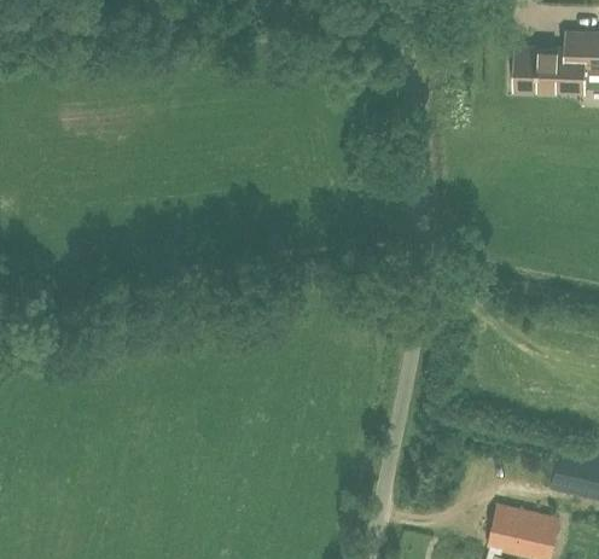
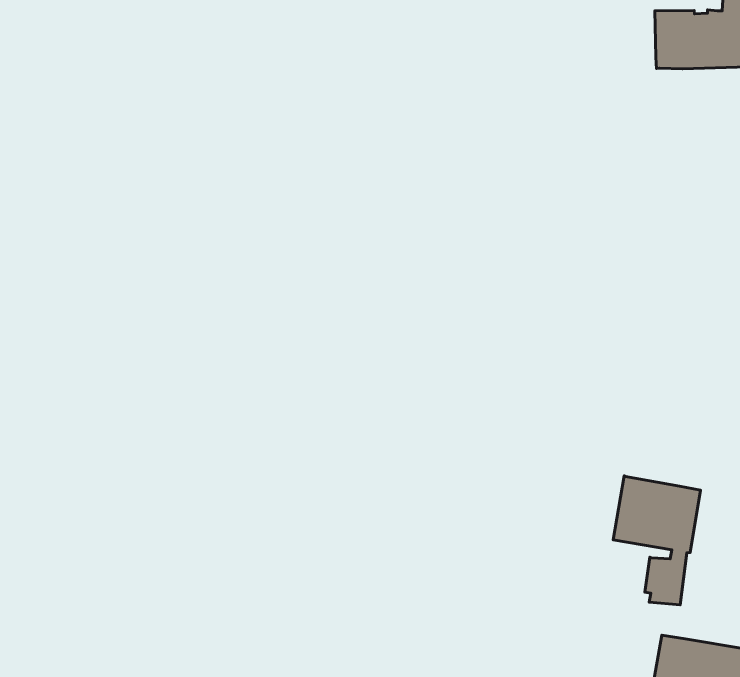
building: none -> [613,476,701,605]

